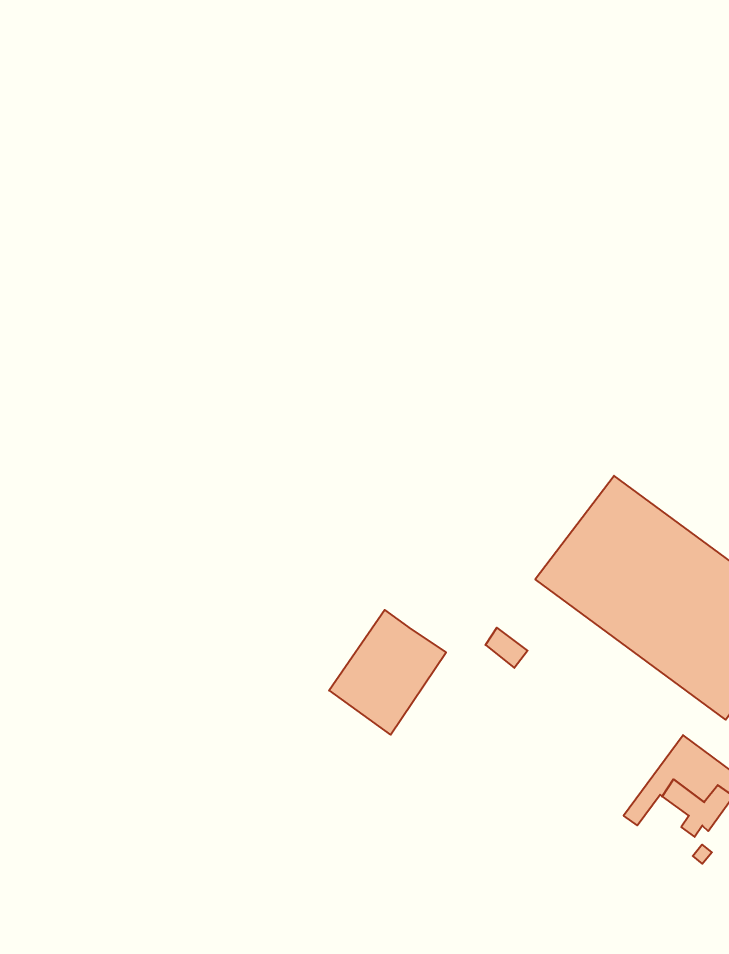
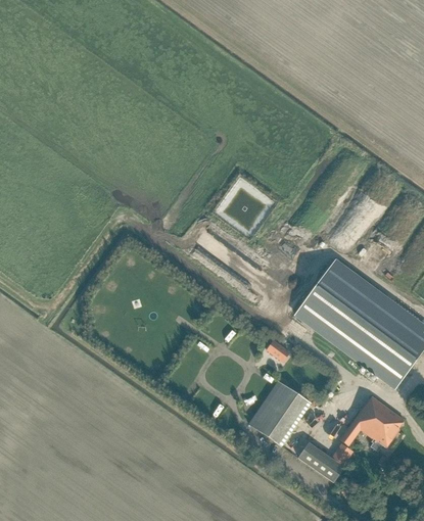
building: [329,610,446,735] -> [248,379,311,445]
building: none -> [297,441,351,481]

